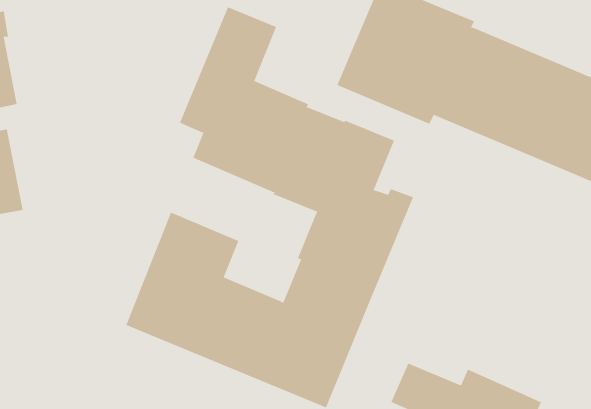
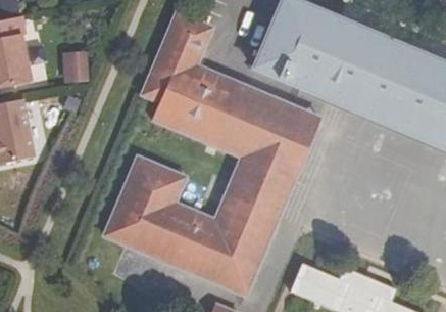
building: none -> [61,53,88,85]
building: none -> [280,106,319,146]

